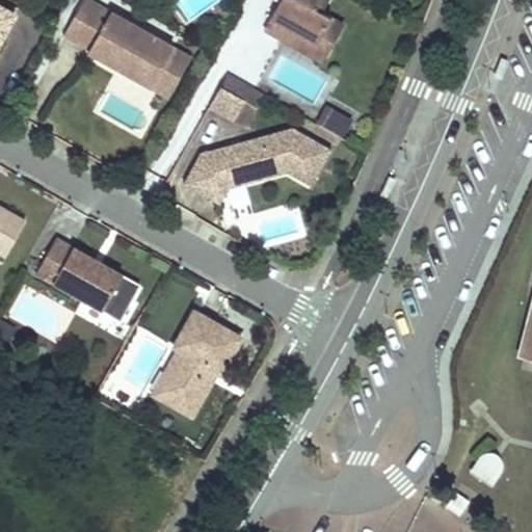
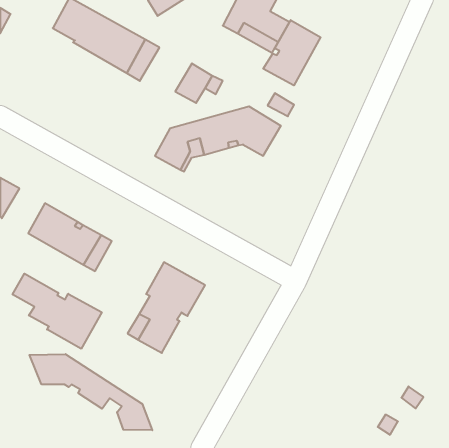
building: none -> [263,20,321,85]
building: none -> [13,274,102,349]
building: none -> [29,354,152,430]

